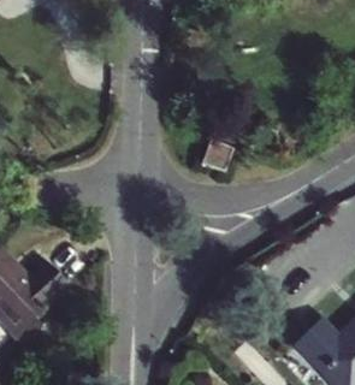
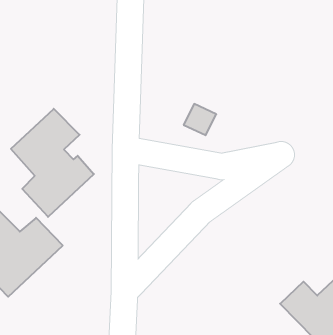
building: none -> [11,109,94,217]

